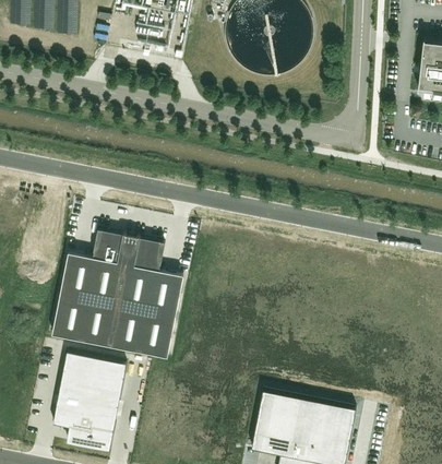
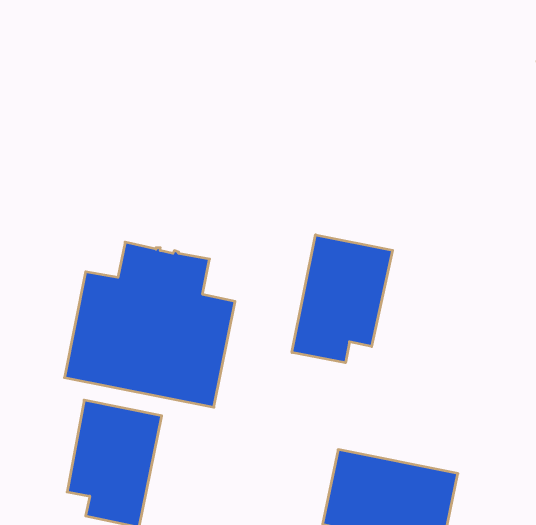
building: none -> [292,235,393,363]

